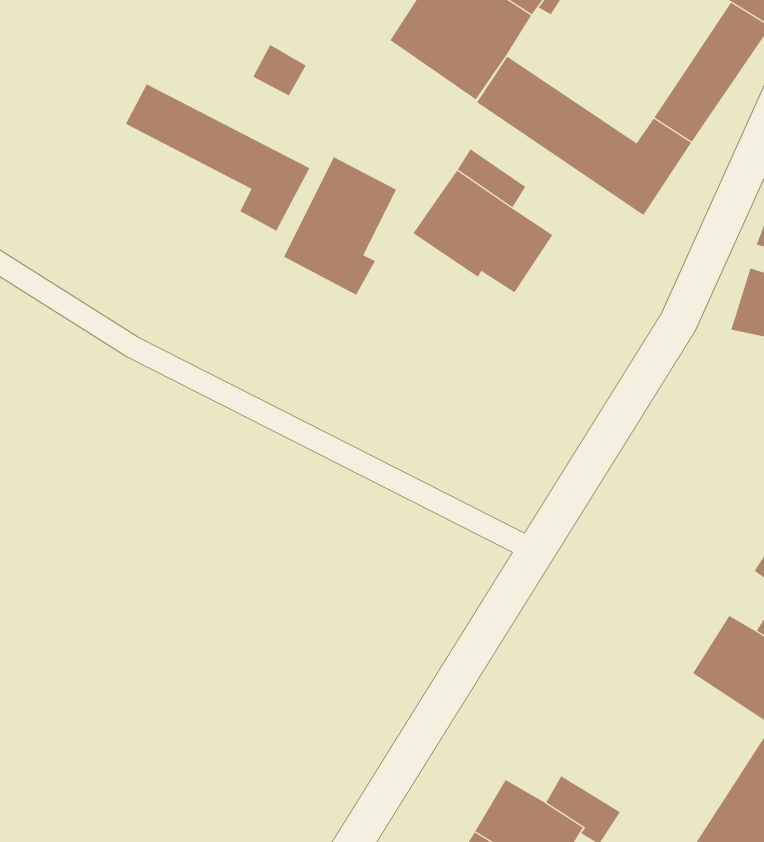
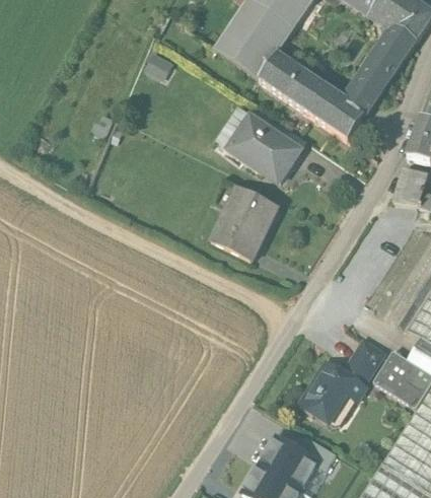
building: [125,84,310,231] -> none
building: [283,157,397,296] -> [213,187,273,260]
building: none -> [350,338,384,373]
building: none -> [298,363,366,419]

